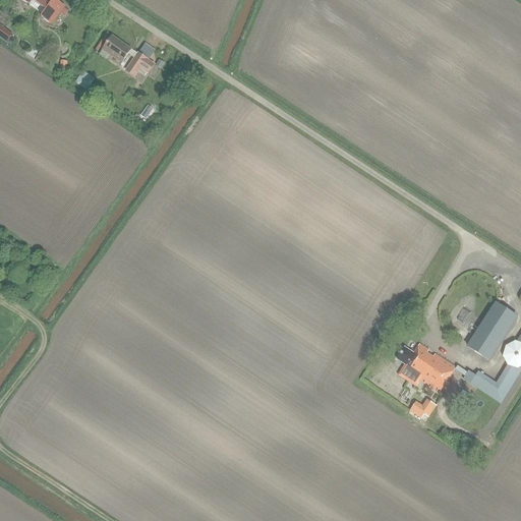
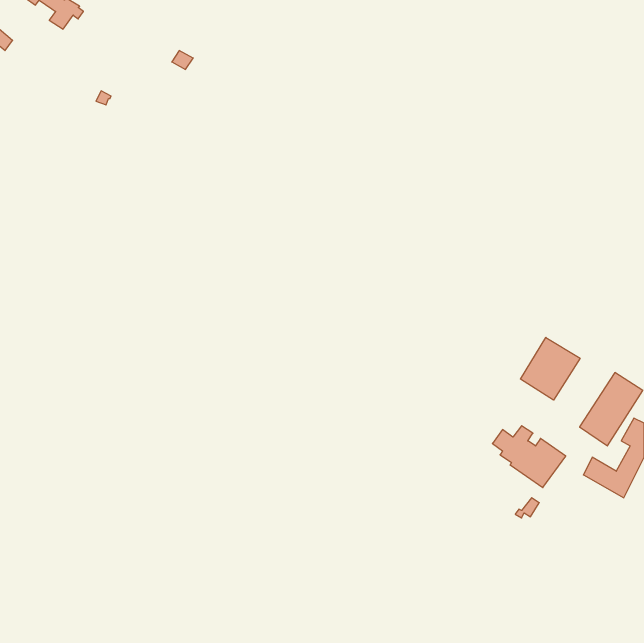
building: [102,34,153,77] -> none
building: none -> [520,337,580,400]

